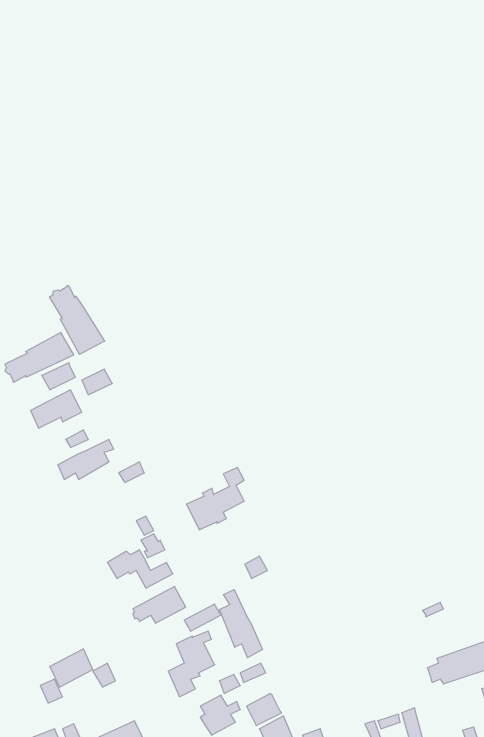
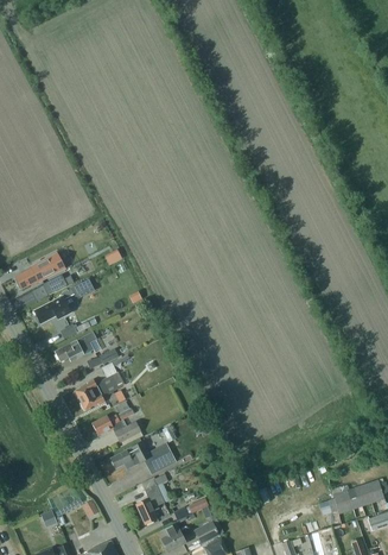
building: [50,285,105,354] -> none
building: [186,467,244,530] -> [74,362,116,409]
building: [219,590,262,658] -> none

